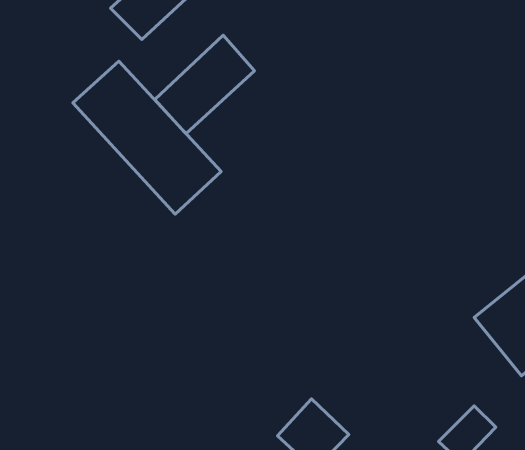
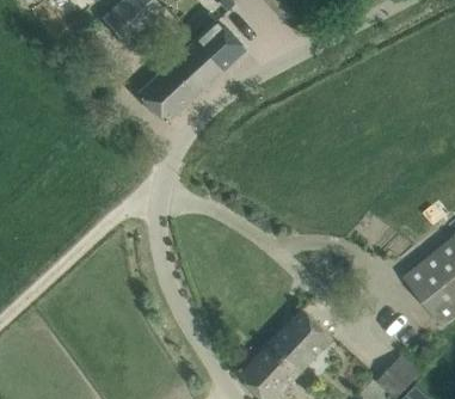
building: none -> [195,19,244,69]
building: [73,61,221,214] -> none
building: none -> [269,309,333,374]

